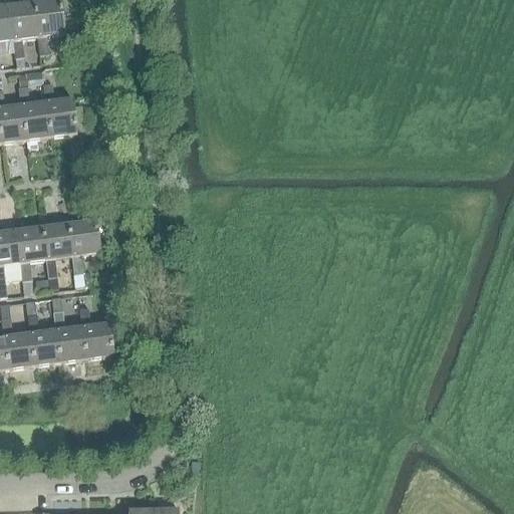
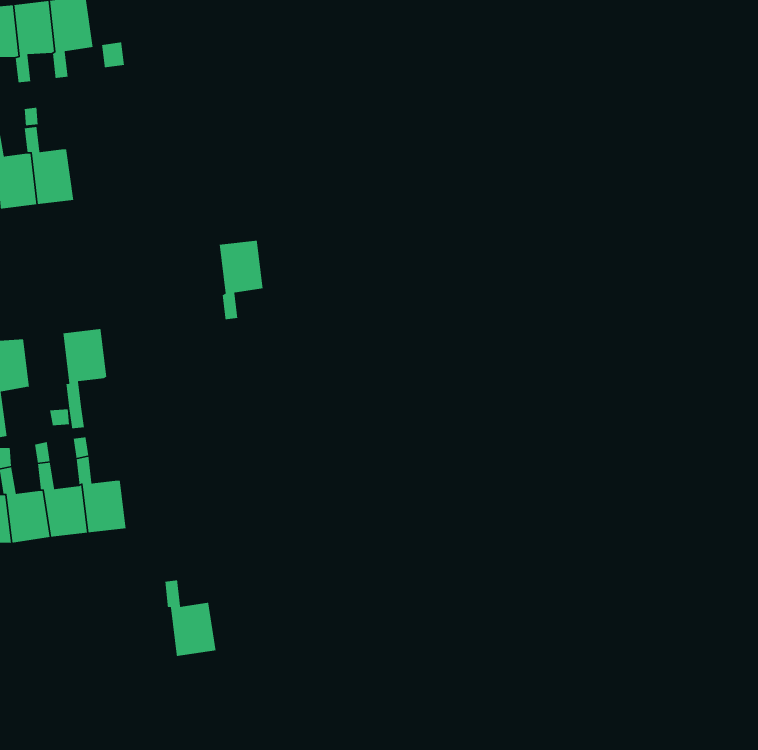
building: [41,82,75,136] -> none
building: [68,219,98,273] -> [219,240,263,320]
building: [16,225,46,291] -> none
building: [77,305,112,357] -> [164,580,216,657]

